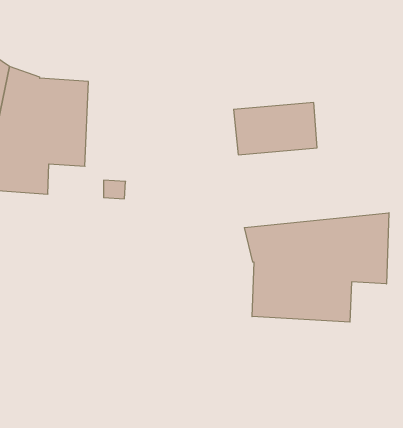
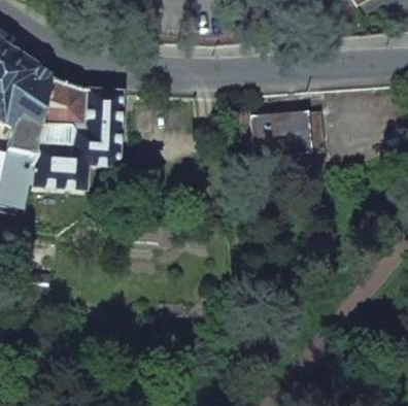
building: [244,213,389,322] -> none

